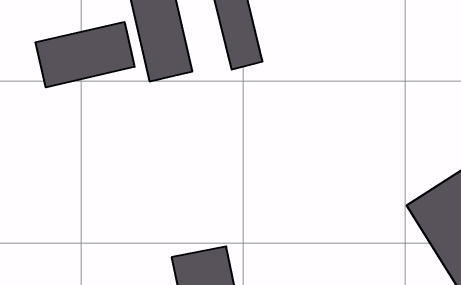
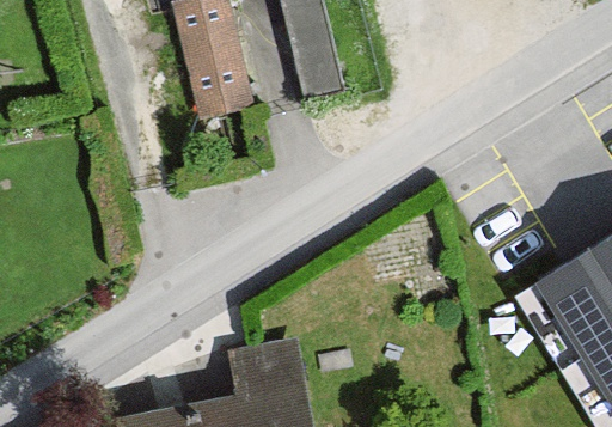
building: [36,22,135,87] -> none

